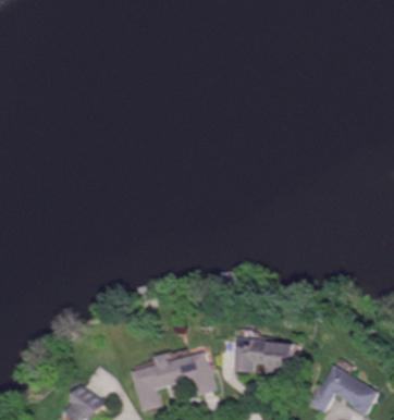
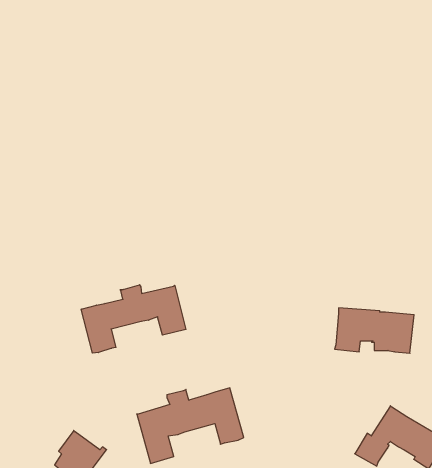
building: none -> [81,285,186,353]
building: [232,337,295,373] -> [335,308,414,353]

